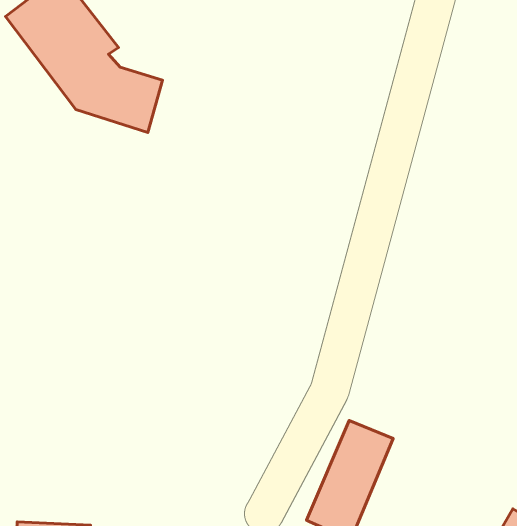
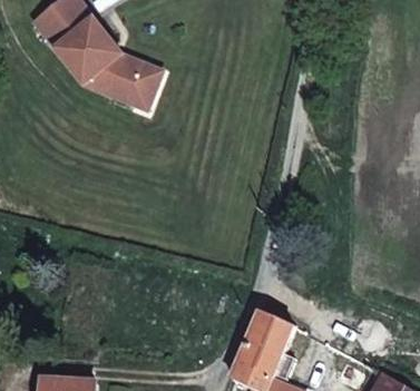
building: none -> [105,50,159,113]

